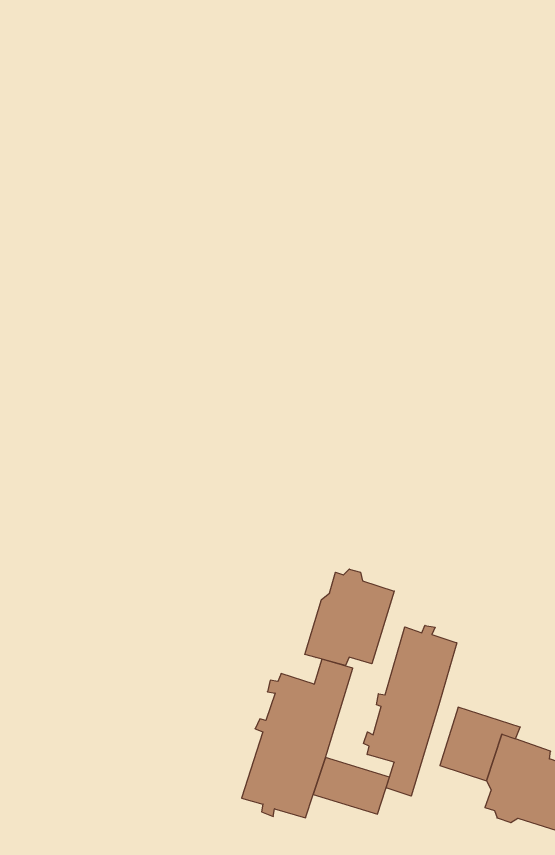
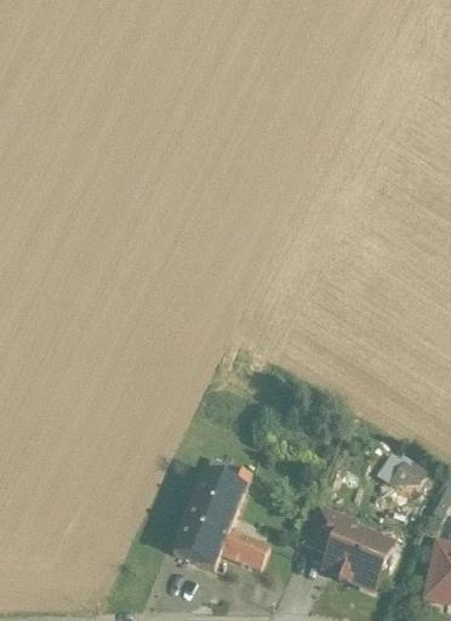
building: [305,569,394,665] -> none
building: [363,625,457,796] -> none

